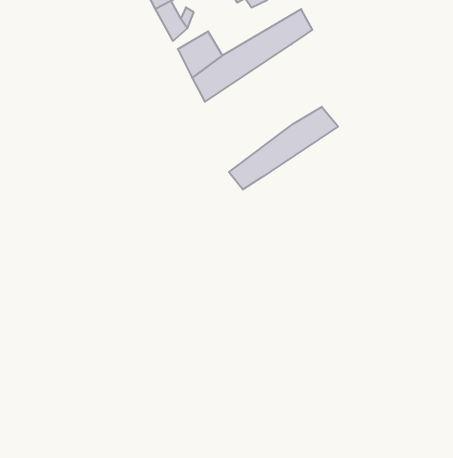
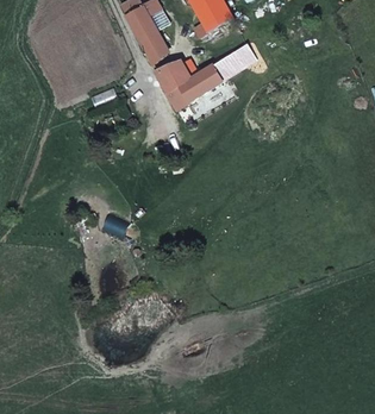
building: [229,107,338,190] -> none

